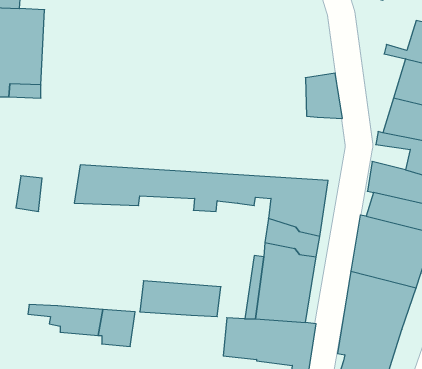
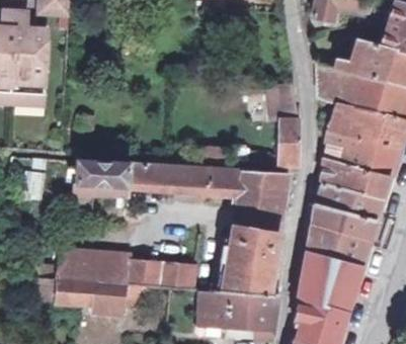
building: none -> [317,62,353,103]
building: none -> [267,119,300,167]
building: none -> [58,251,131,284]

